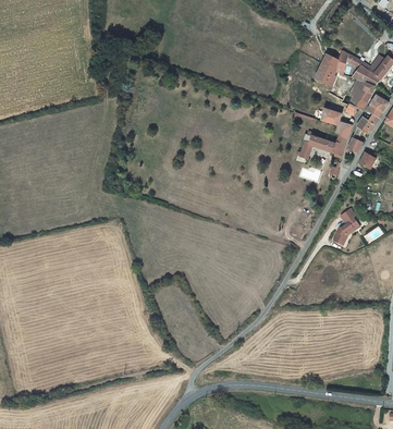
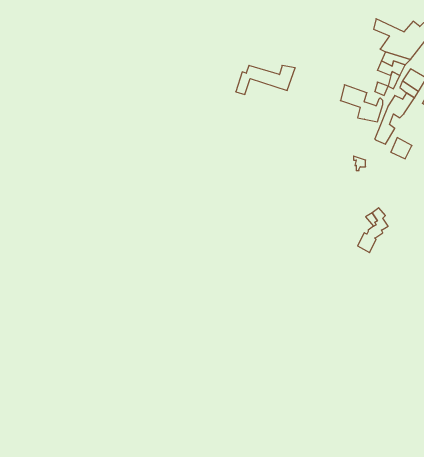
building: [315,48,347,86] -> none
building: [299,135,348,159] -> [236,65,295,94]

